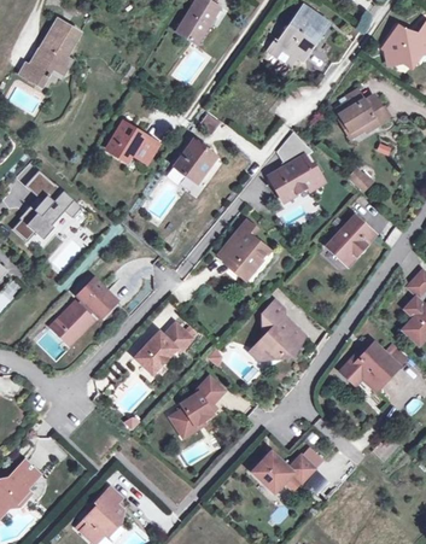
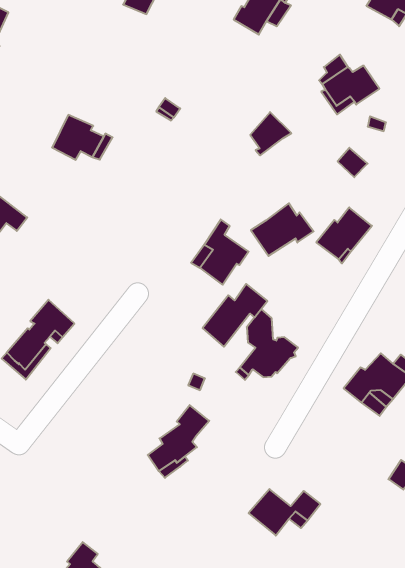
building: [174,140,216,183] -> none
building: [270,156,323,199] -> [251,203,314,256]
building: [135,322,192,374] -> [203,284,267,347]

